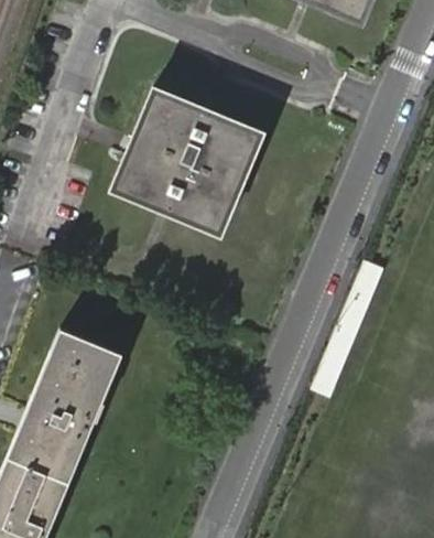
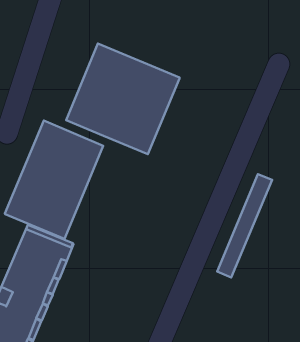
building: none -> [5,121,103,239]

